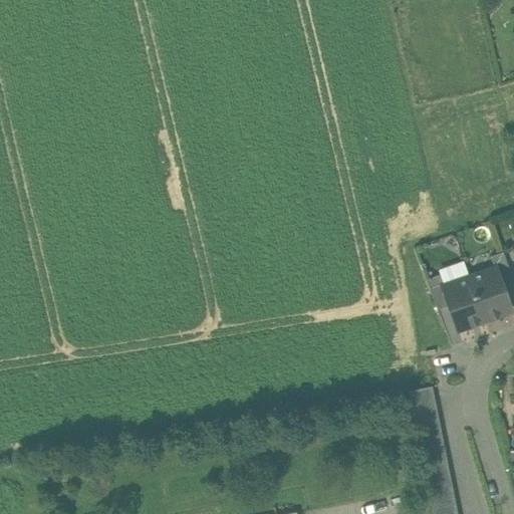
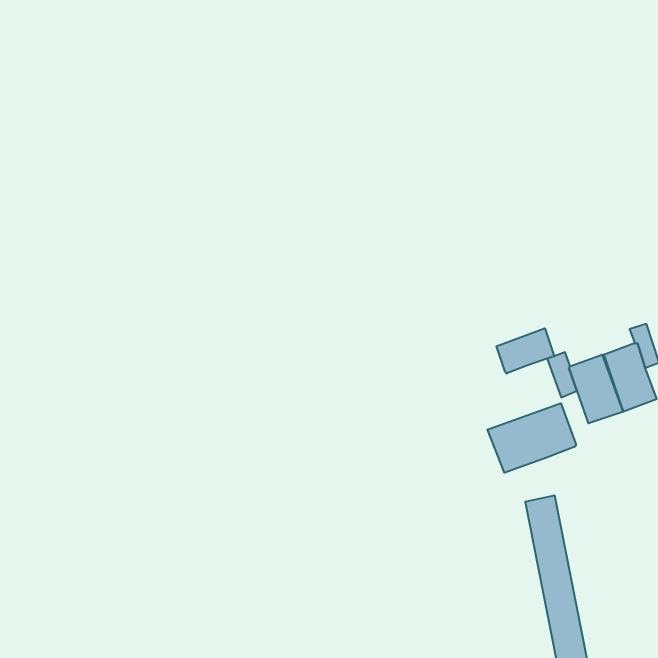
building: none -> [496,328,554,374]
building: none -> [488,403,576,473]

